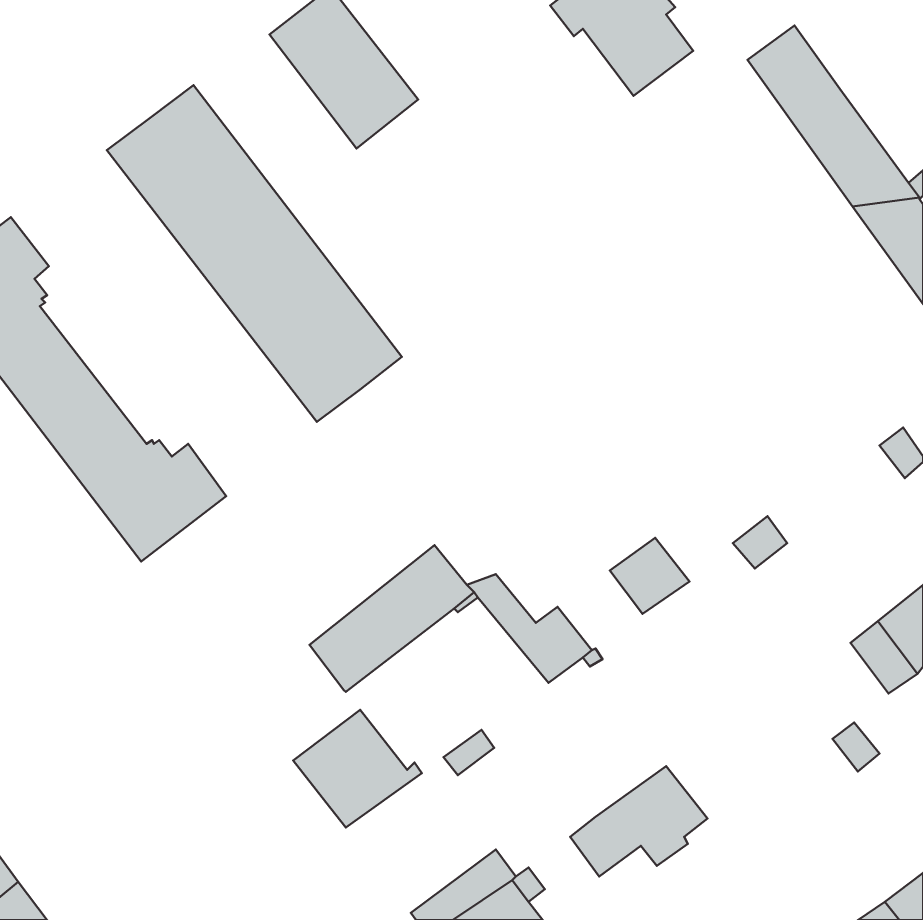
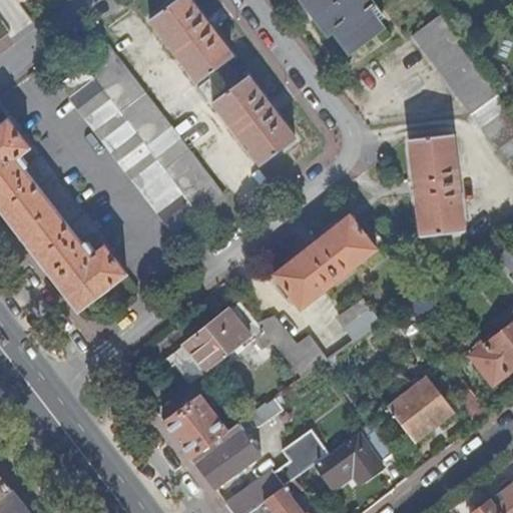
building: none -> [212,75,295,164]
building: none -> [408,134,462,234]
building: none -> [274,215,383,309]
building: none -> [388,377,454,443]
building: none -> [191,424,262,488]
building: none -> [284,428,330,473]

